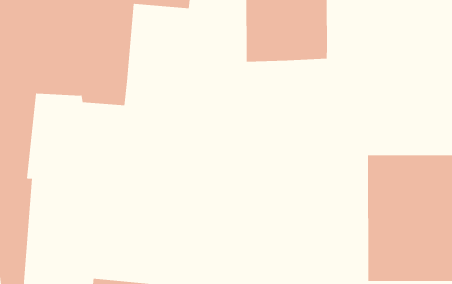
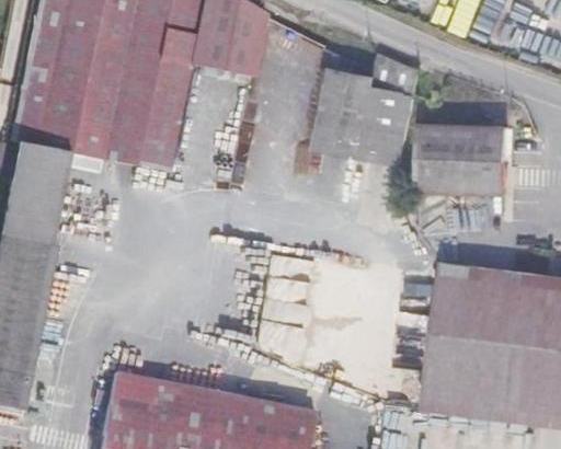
building: none -> [416,123,508,194]

